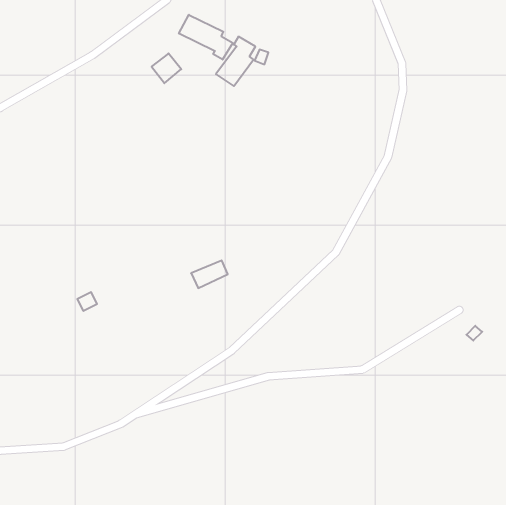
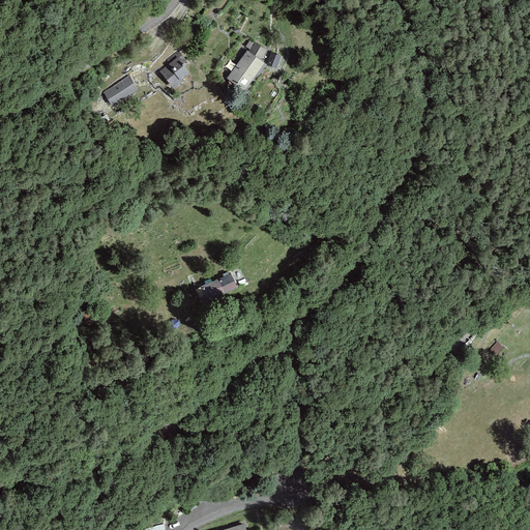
building: [179,15,233,60] -> none
building: none -> [102,73,139,106]

